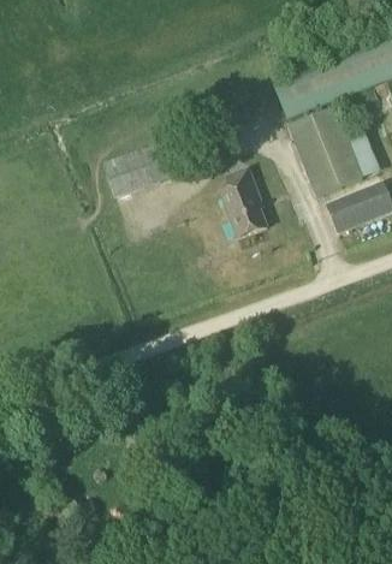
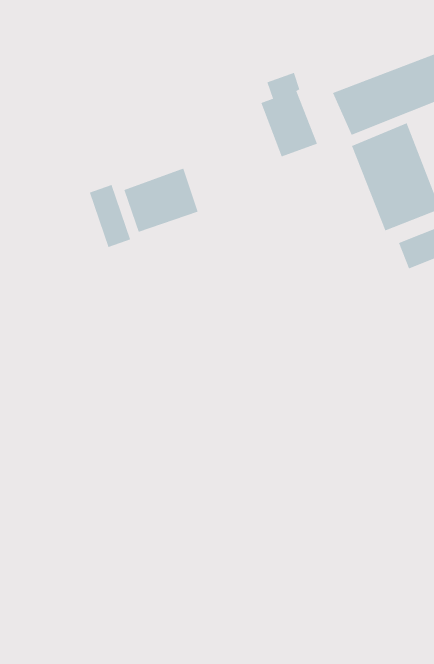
building: none -> [89,184,131,248]
building: [221,166,268,236] -> [261,72,318,157]

